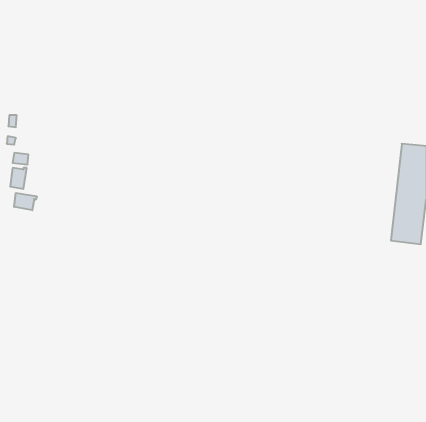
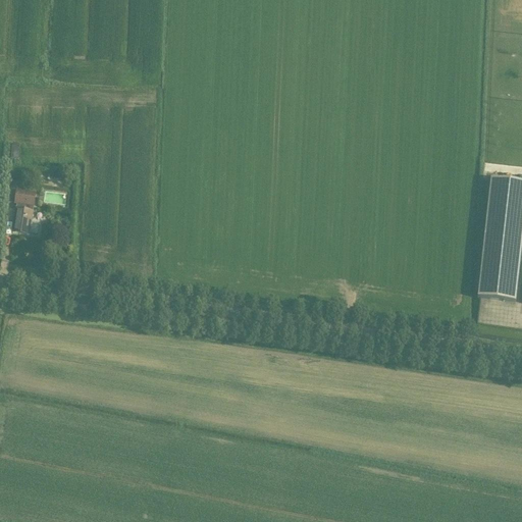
building: [14,193,37,210] -> none

